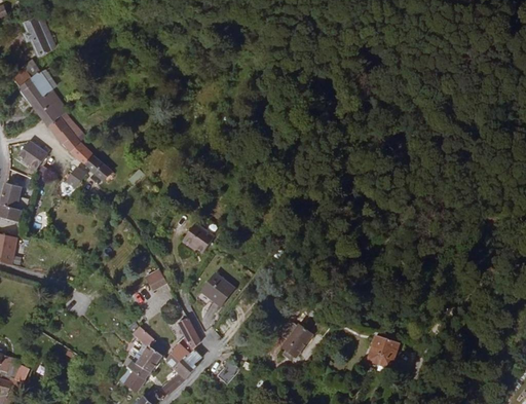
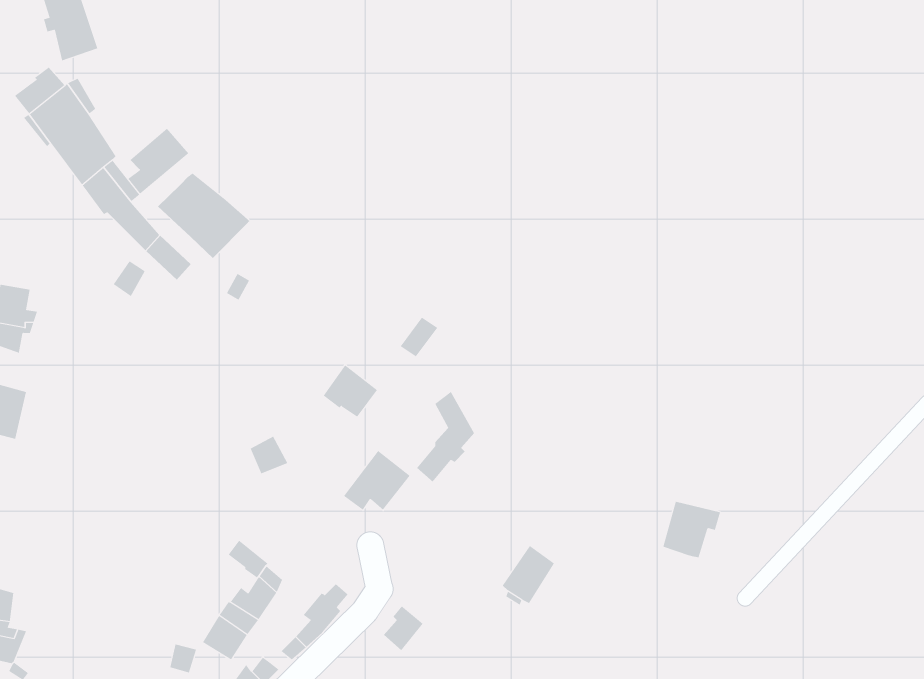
building: none -> [128,128,189,195]
building: none -> [157,172,251,259]
building: [16,141,44,170] -> none
building: [163,316,196,367] -> [416,391,475,483]
building: [364,337,397,369] -> [663,501,721,558]

